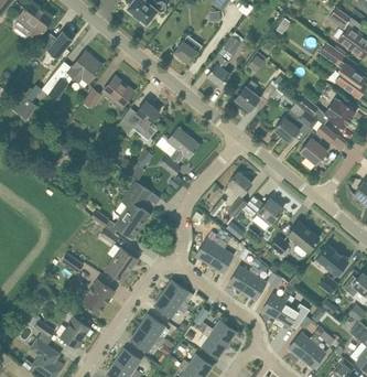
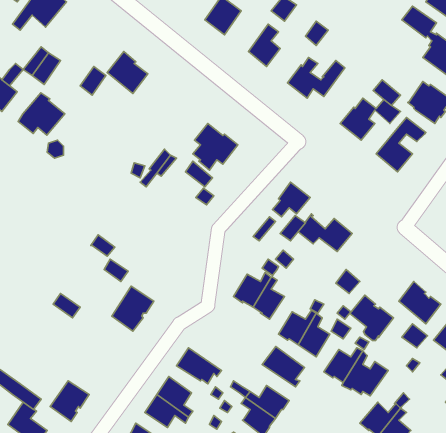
building: [67,52,101,83] -> [18,93,65,135]
building: [118,101,159,134] -> none
building: [117,181,150,238] -> none
building: [287,222,319,255] -> [350,295,393,340]
building: [82,280,115,314] -> none
building: [162,280,193,310] -> [262,346,304,387]

